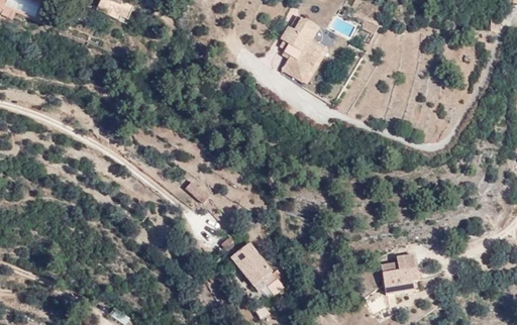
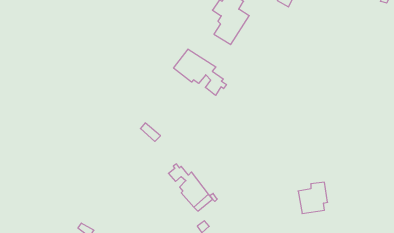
building: none -> [174,49,226,95]

